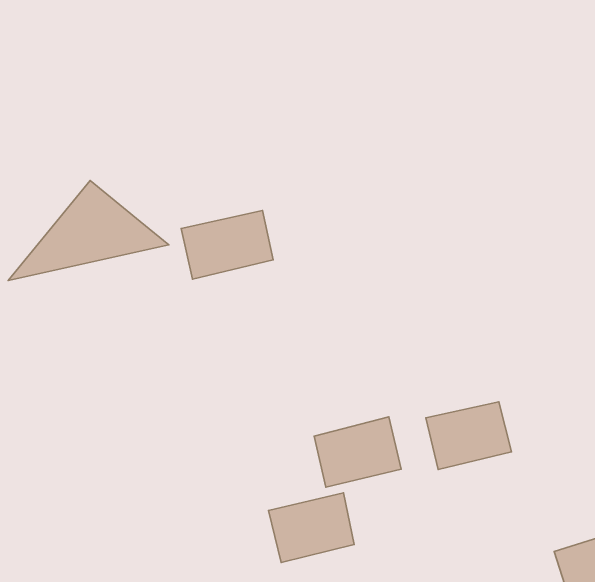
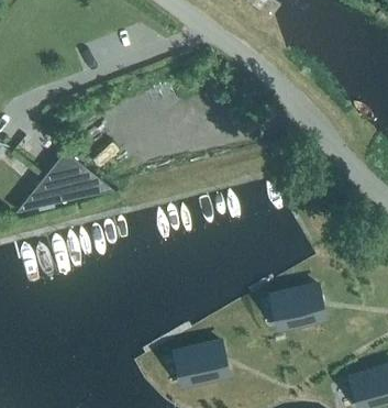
building: [181,211,273,279] -> none
building: [314,417,401,487] -> none

